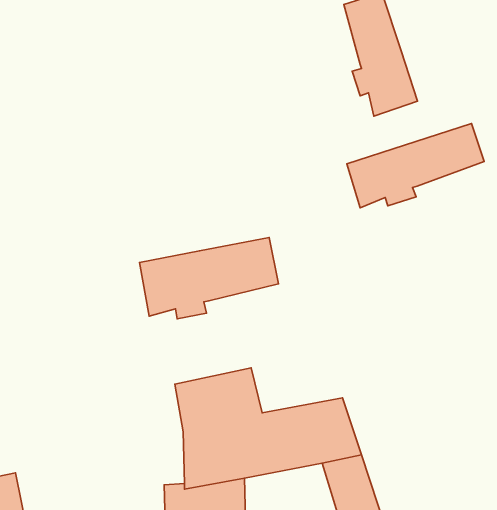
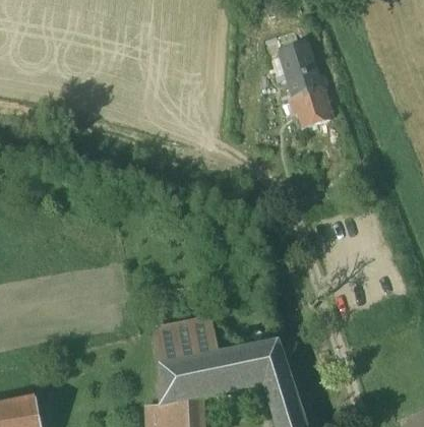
building: [347,123,484,208] -> none
building: [140,237,278,319] -> none

